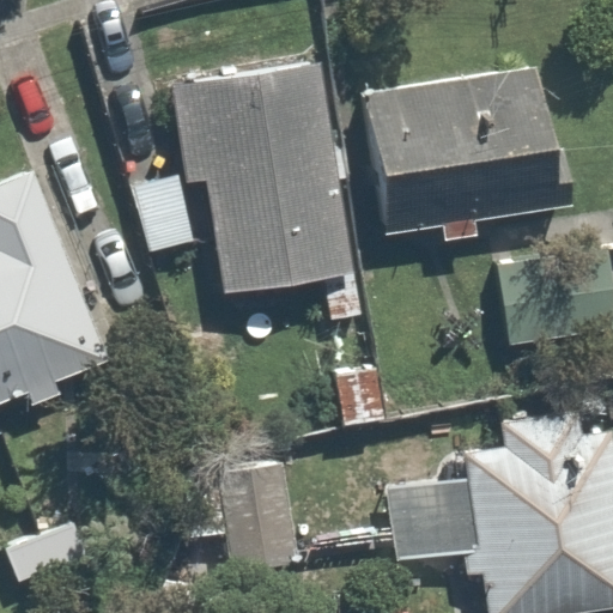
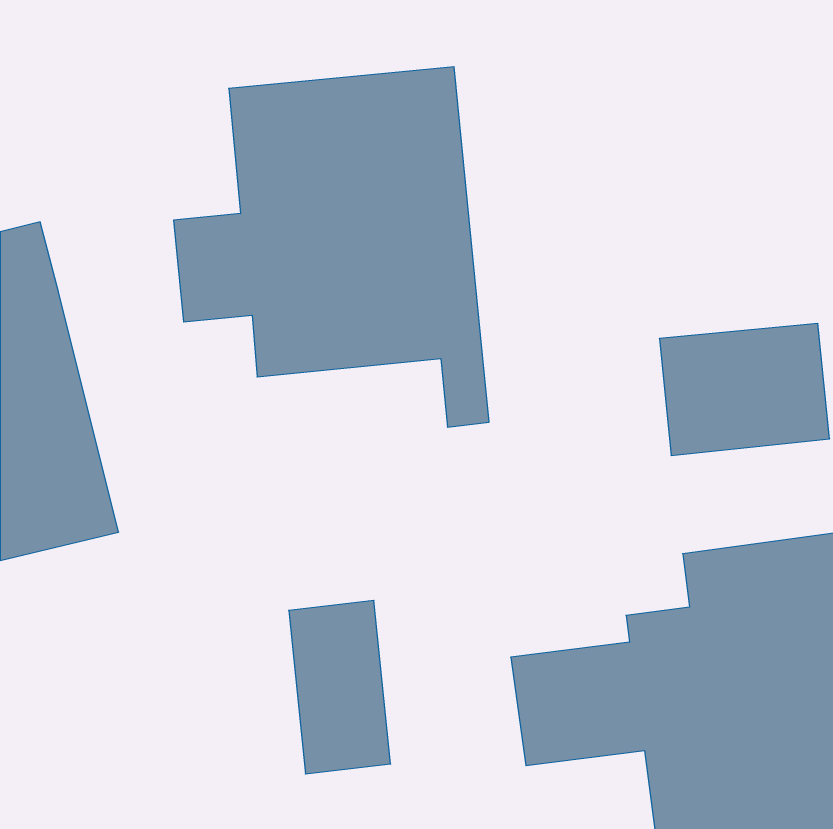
building: [359,67,547,244] -> none

